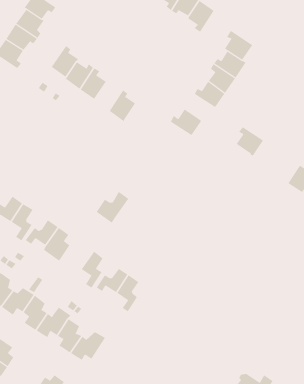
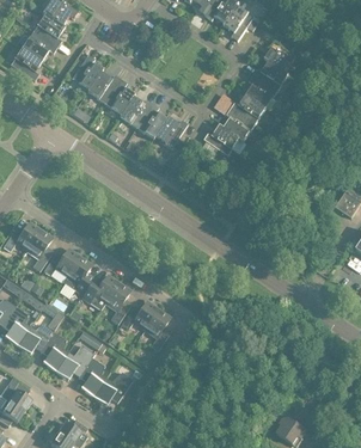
building: none -> [117,94,151,125]
building: none -> [153,115,186,148]
building: [236,127,264,157] -> [222,106,253,140]
building: [96,191,129,224] -> [81,272,118,308]

